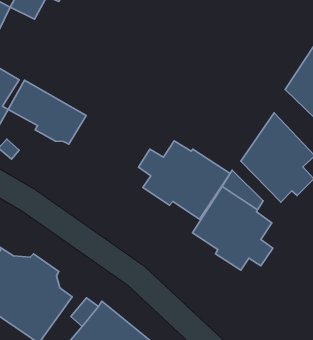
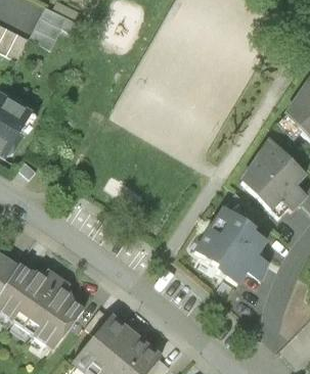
building: [8,80,86,144] -> none
building: [138,141,230,219] -> none

